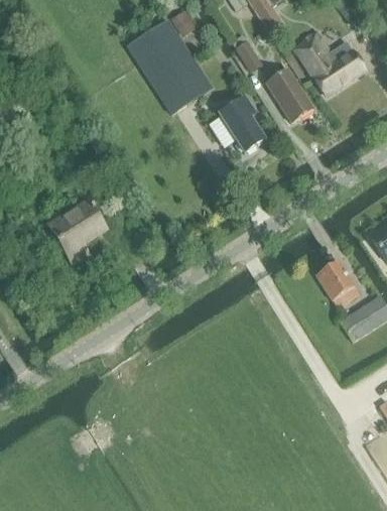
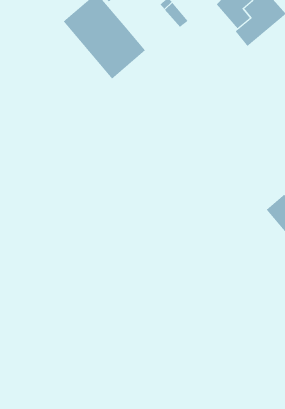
building: [267,68,314,121] -> none
building: [220,97,265,152] -> none
building: [48,202,104,262] -> none

